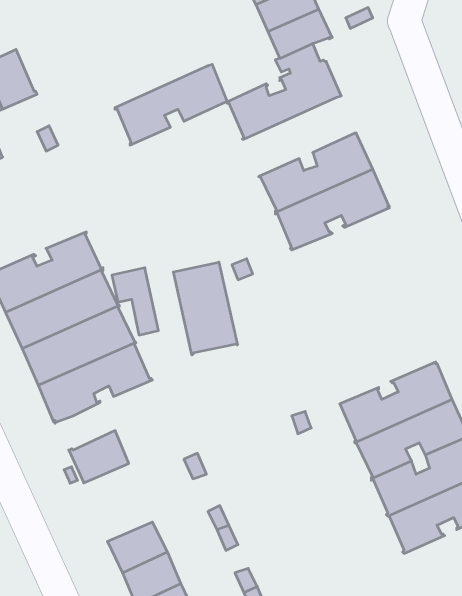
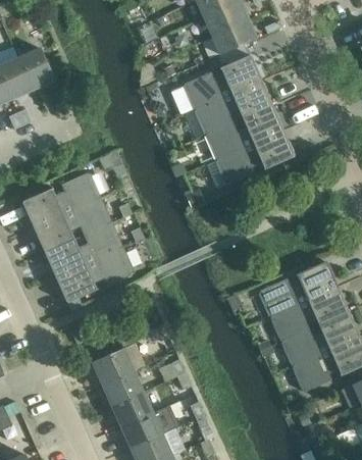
building: [115,64,227,145] -> [195,80,271,135]
building: [173,262,237,355] -> none
building: [69,431,129,483] -> [92,348,133,384]

